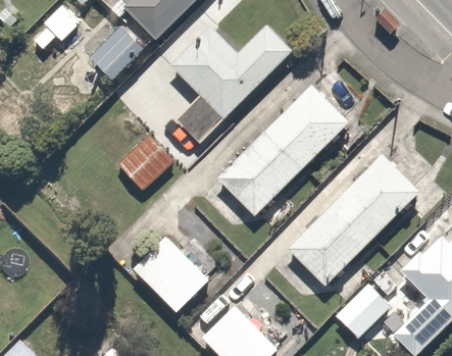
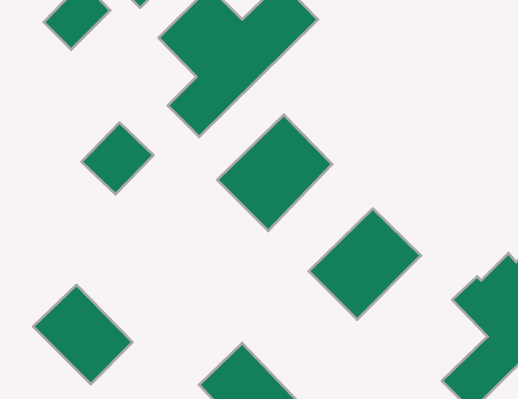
building: [268,83,351,164] -> none
building: [338,154,420,236] -> none
building: [134,236,211,313] -> [33,285,132,384]
building: [327,282,382,337] -> none

